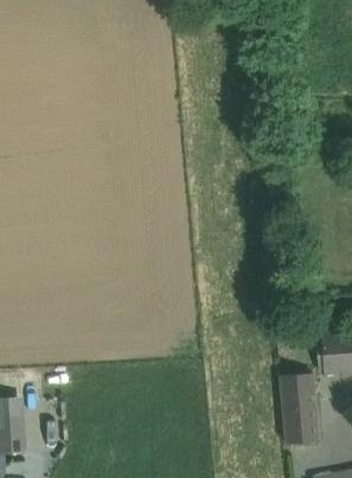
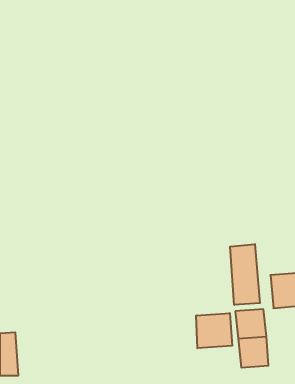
building: none -> [230,244,260,305]
building: none -> [196,313,232,348]

